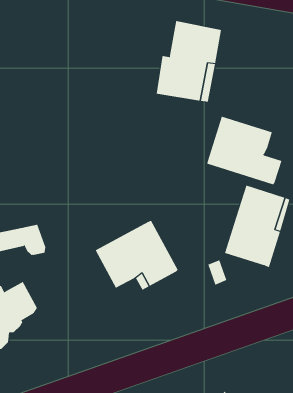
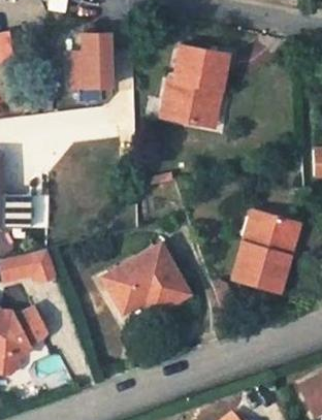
building: none -> [72,33,115,86]
building: [207,116,282,185] -> none

